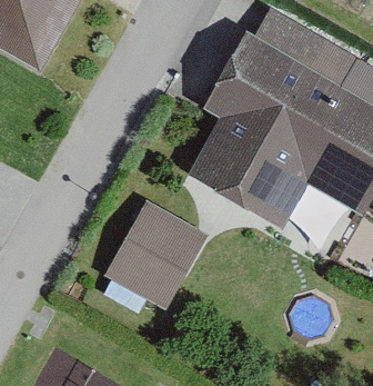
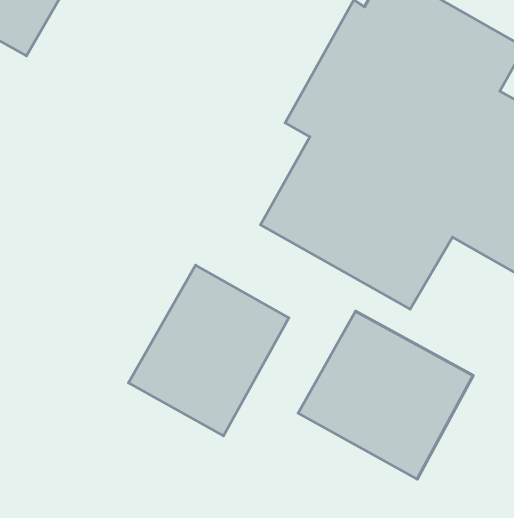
building: none -> [298,311,473,479]

